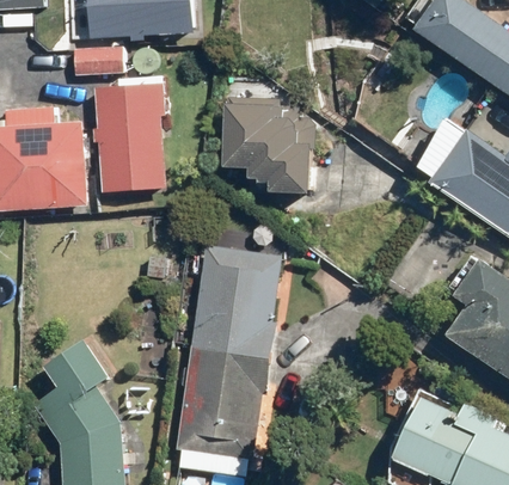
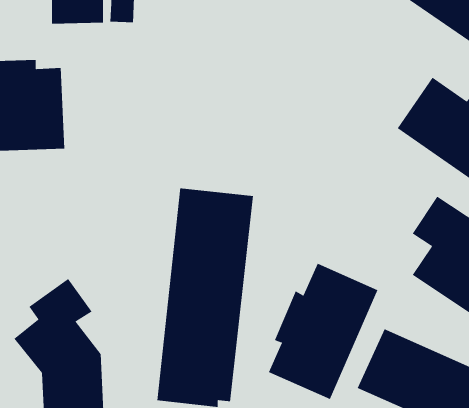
building: [94,76,167,190] -> none
building: [222,93,318,197] -> none
building: none -> [268,263,378,400]

